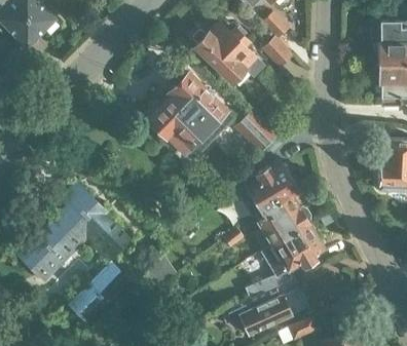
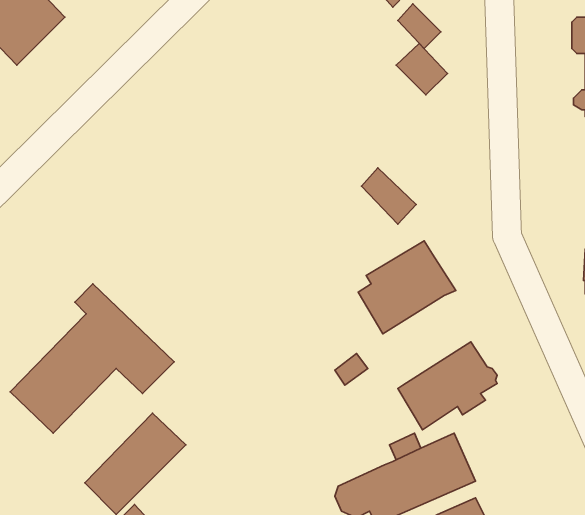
building: [190,24,259,83] -> none
building: [150,75,234,155] -> none
building: [257,194,310,249] -> none

